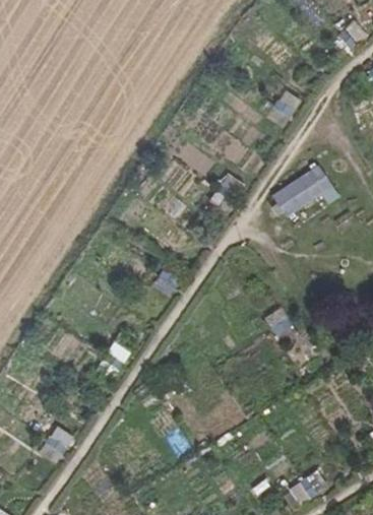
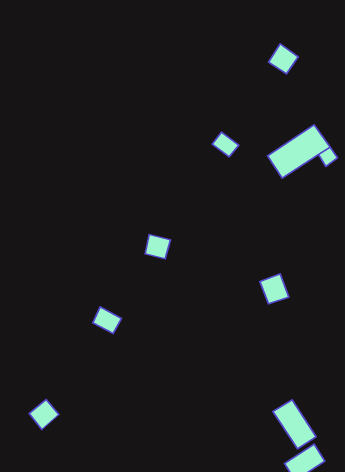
building: none -> [273,400,316,449]

